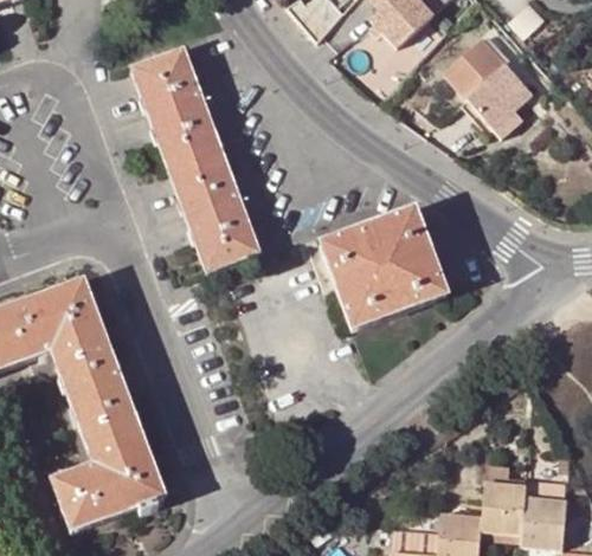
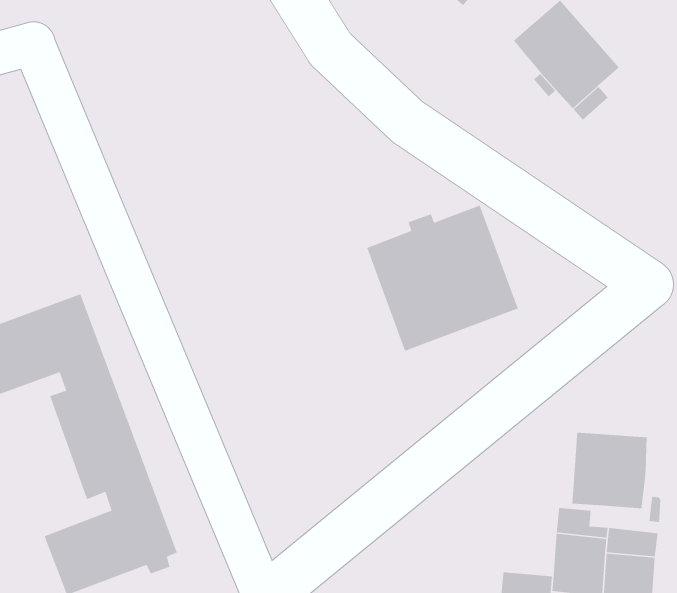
building: [134,49,258,269] -> none
building: none -> [571,432,647,509]

